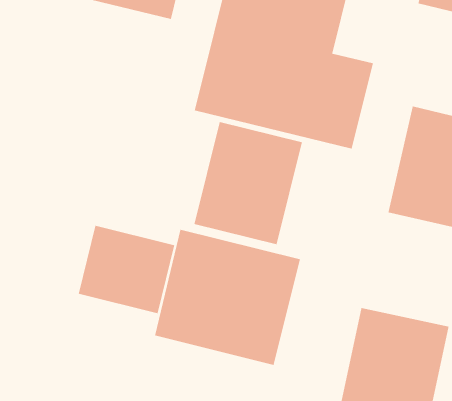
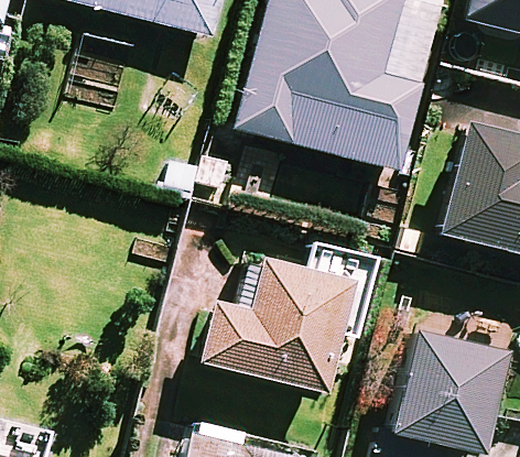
building: [194,121,303,245] -> none
building: [78,225,175,314] -> none

